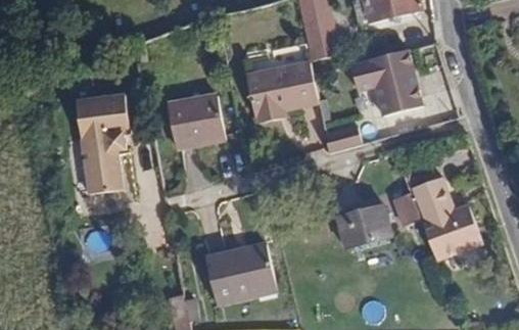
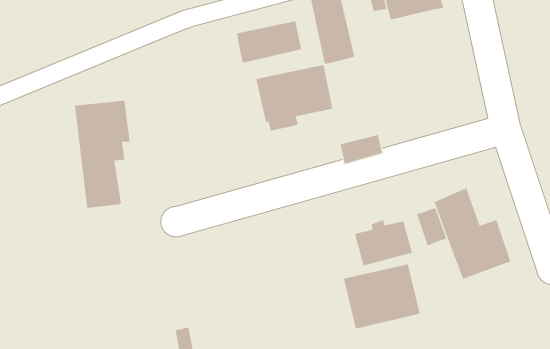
building: none -> [236,21,302,64]
building: [351,49,422,114] -> none
building: [168,95,225,147] -> none
building: [205,244,277,304] -> [343,264,421,329]

